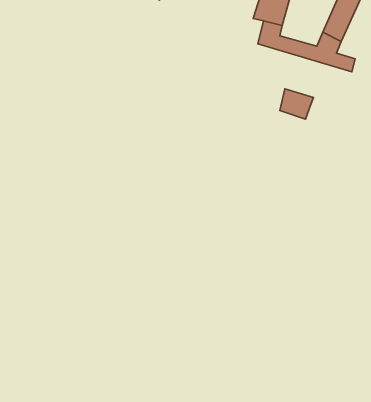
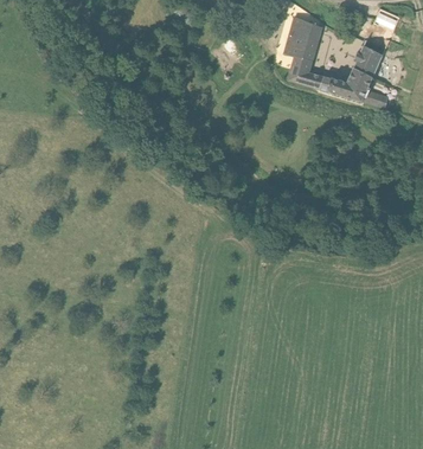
building: [280,89,314,119] -> none

